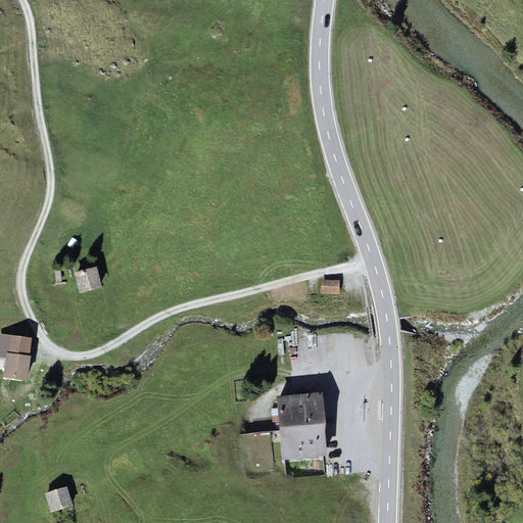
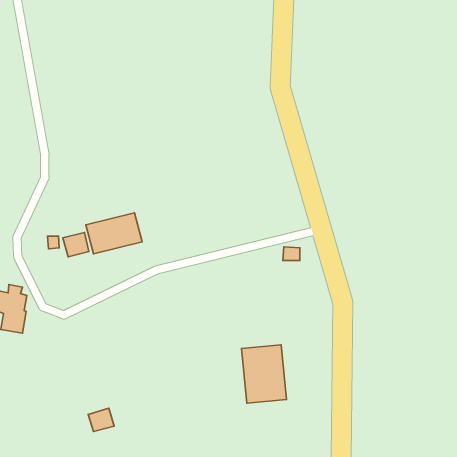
building: none -> [86,213,142,254]
building: [45,486,75,513] -> [88,408,114,431]

